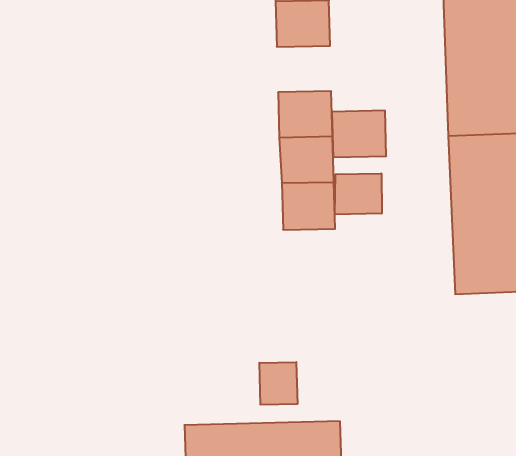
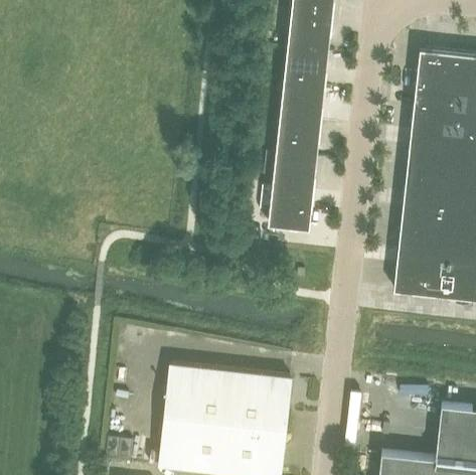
building: [332,111,386,157] -> [279,84,324,124]
building: [335,173,382,214] -> none
building: [259,362,297,405] -> none

